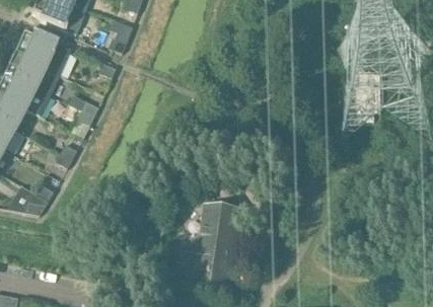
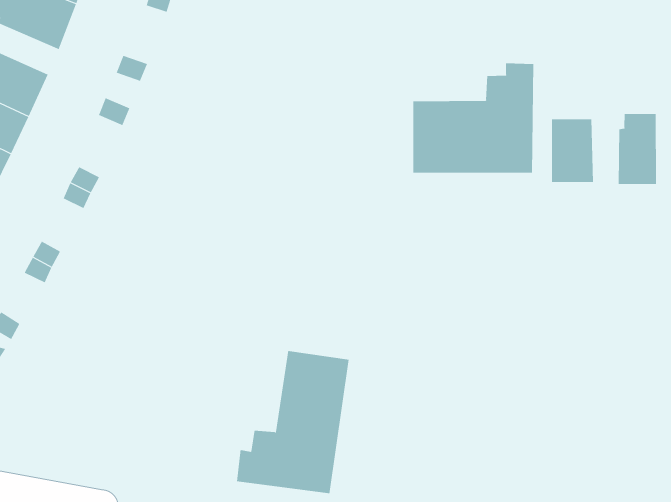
building: none -> [413,62,534,174]
building: none -> [618,113,656,185]

